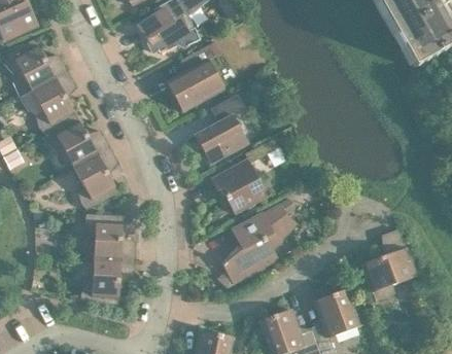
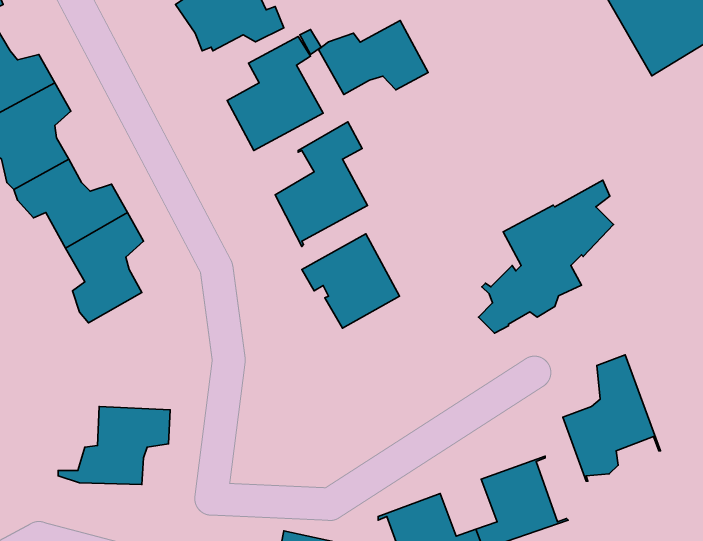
building: none -> [318,20,428,95]
building: [217,198,295,286] -> [478,180,613,333]
building: [83,213,135,259] -> none

